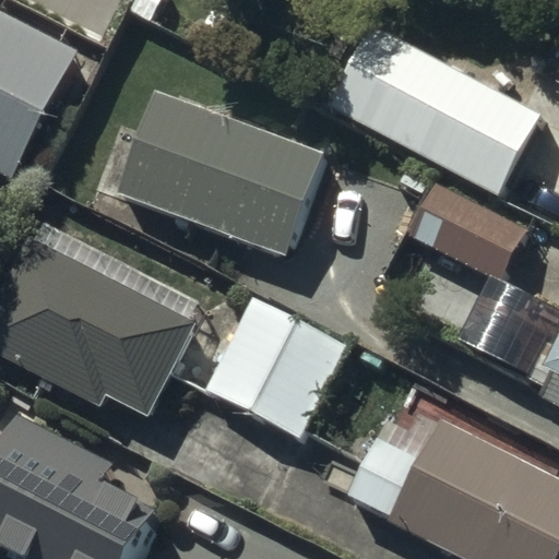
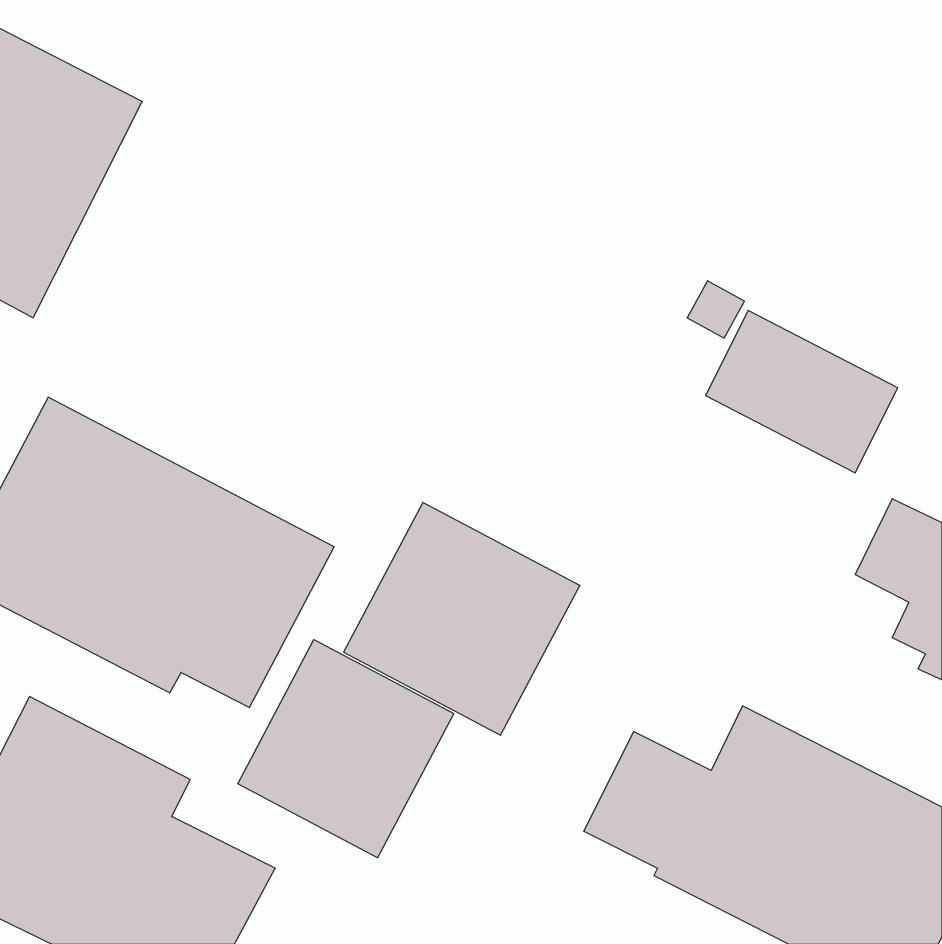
building: [330,24,534,187] -> none
building: [117,94,323,255] -> none
building: none -> [238,640,454,858]

